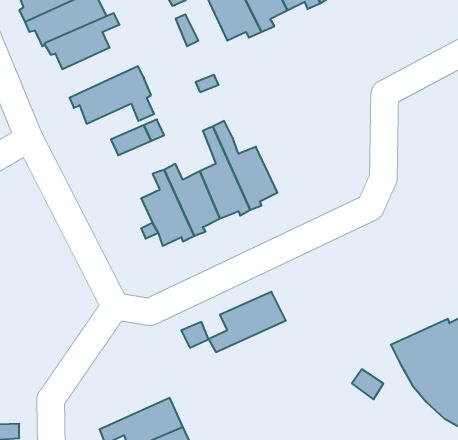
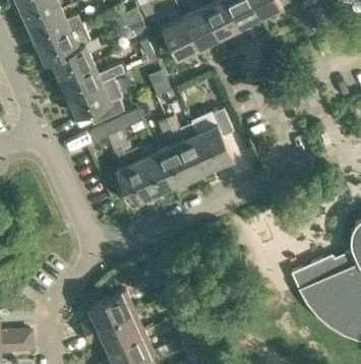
building: none -> [59,64,124,100]
building: none -> [196,114,233,167]
building: [209,292,286,352] -> [80,292,135,335]

